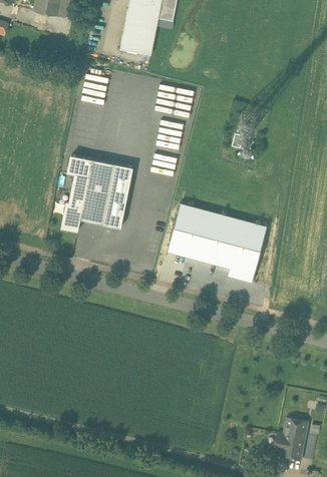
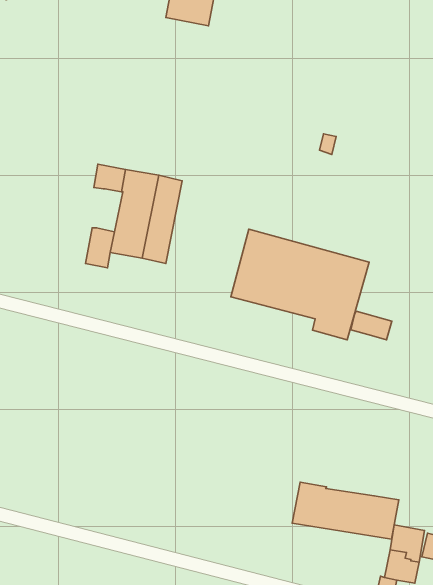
building: [70,173,89,204] -> none
building: none -> [351,311,392,340]
building: none -> [292,482,399,539]

